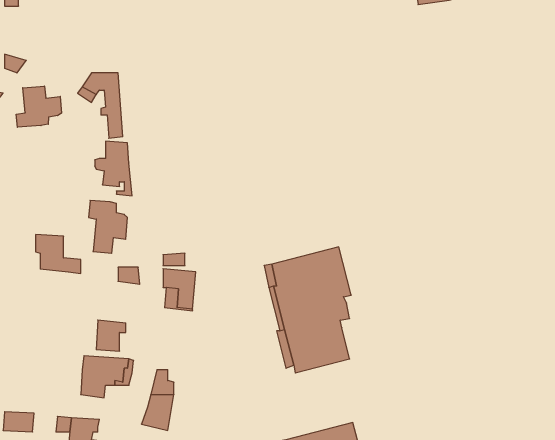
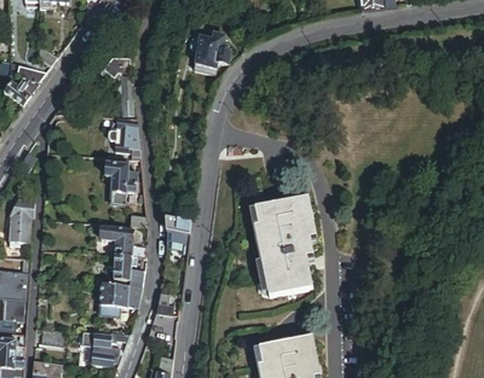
building: none -> [195,34,230,72]
building: [16,86,61,127] -> none
building: [36,235,81,273] -> [109,229,144,260]

